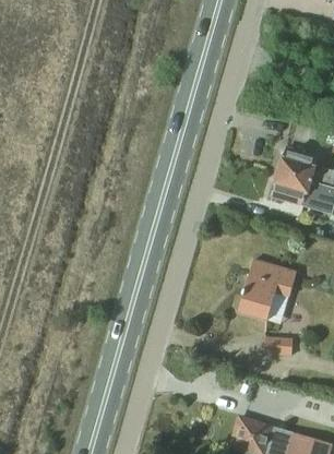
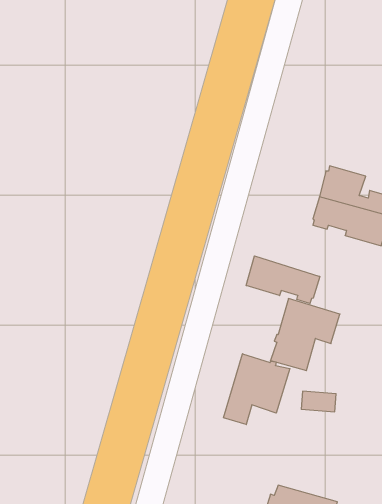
building: none -> [246,256,320,304]
building: none -> [223,354,290,425]

